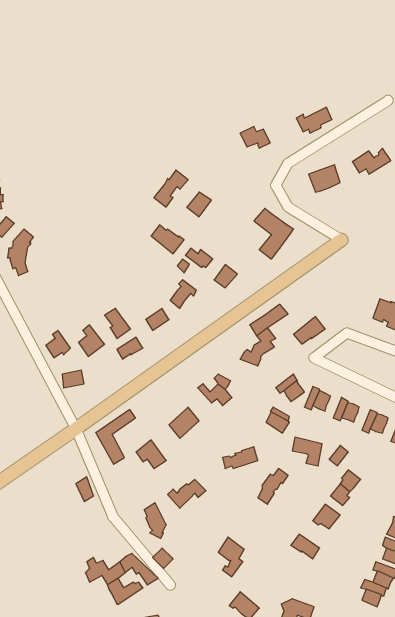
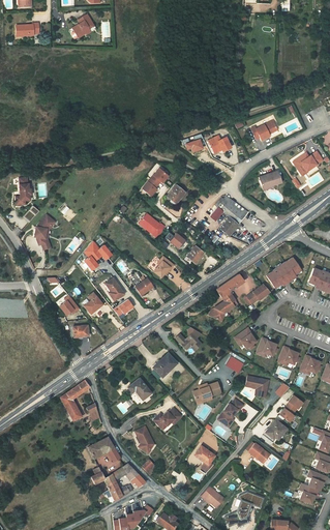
building: none -> [86,240,113,270]
building: none -> [268,256,302,286]
building: [96,410,135,464] -> [58,384,88,425]
building: none -> [87,435,118,462]

